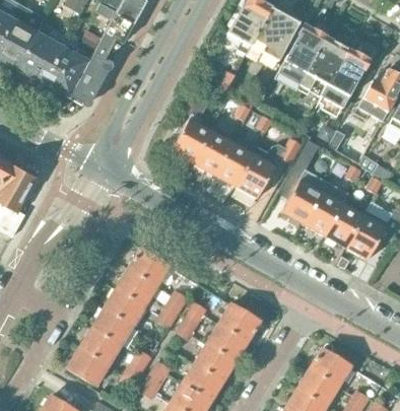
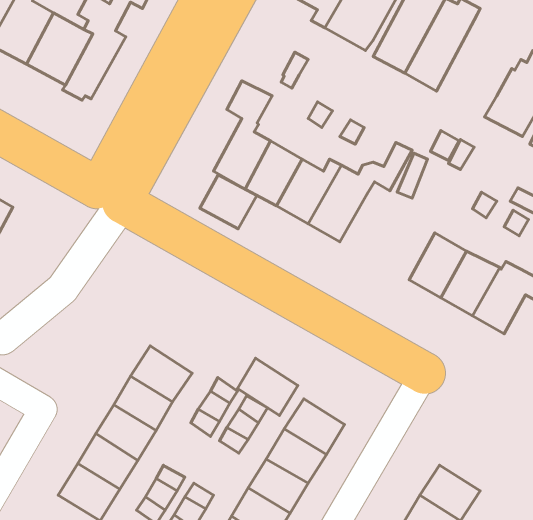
building: [321,47,373,110] -> none
building: none -> [200,175,257,229]
building: [281,177,320,225] -> none
building: [128,250,169,288] -> [237,358,298,415]

